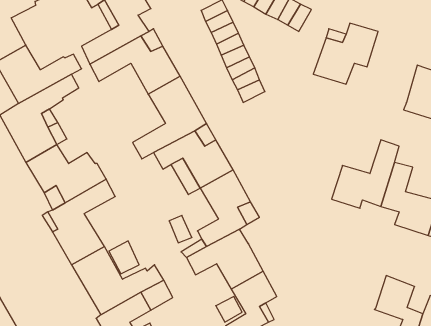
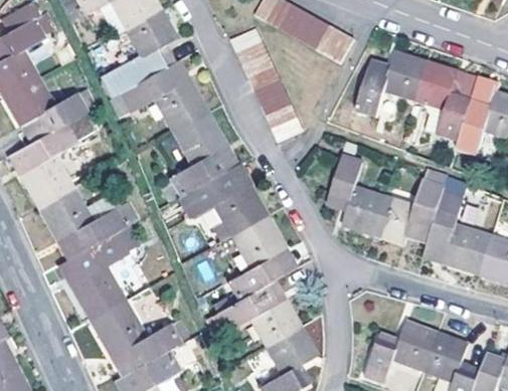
building: none -> [414,61,476,140]
building: none -> [329,168,387,246]
building: none -> [365,321,436,379]

